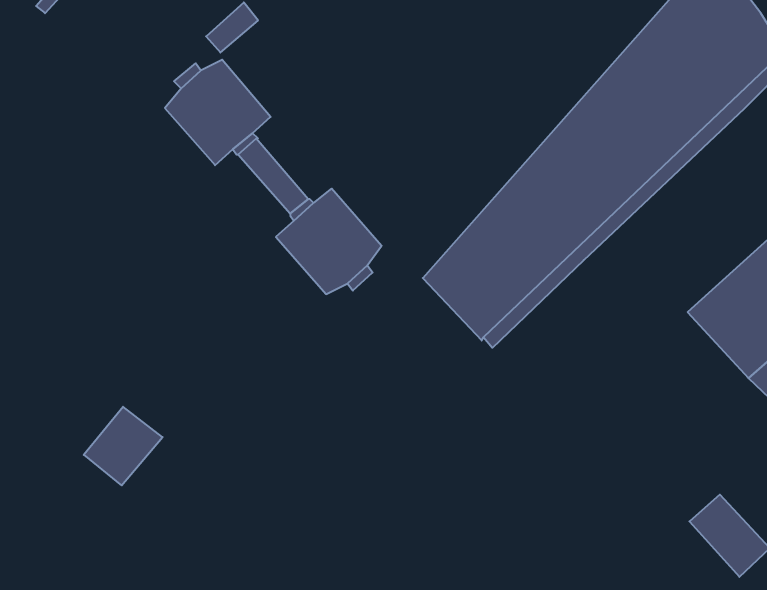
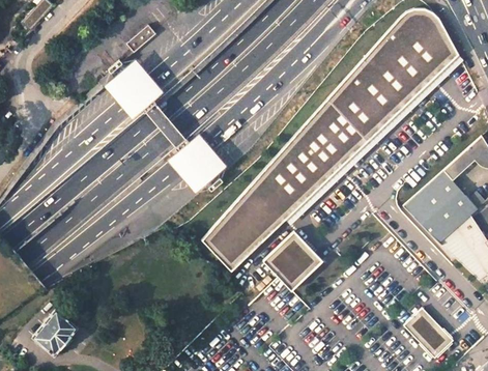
building: none -> [201,186,285,273]
building: none -> [263,232,322,291]
building: [84,407,163,485] -> [32,311,78,356]

